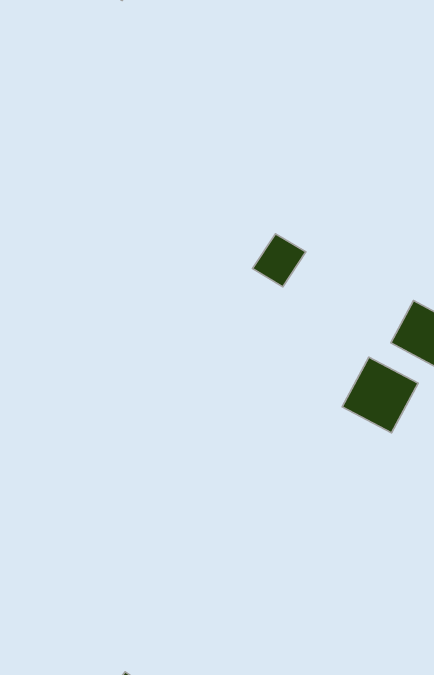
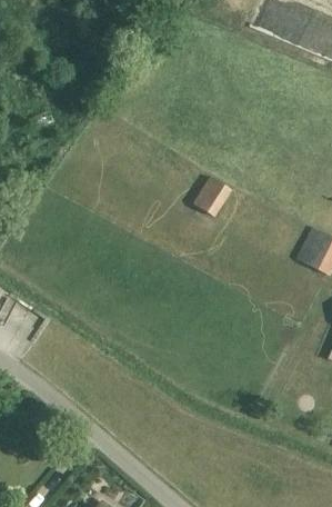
building: [342,357,418,433] -> none

